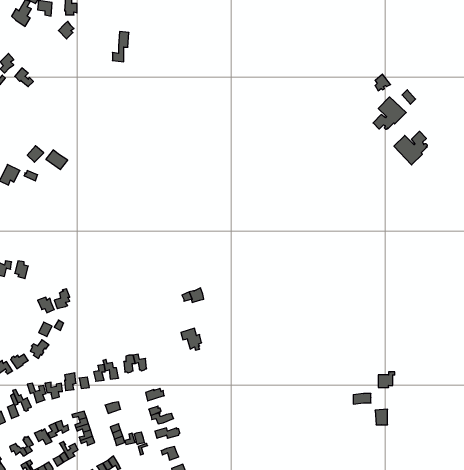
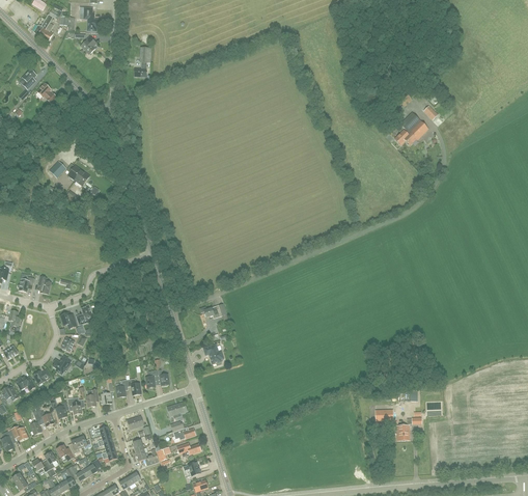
building: [394,131,427,165] -> none

